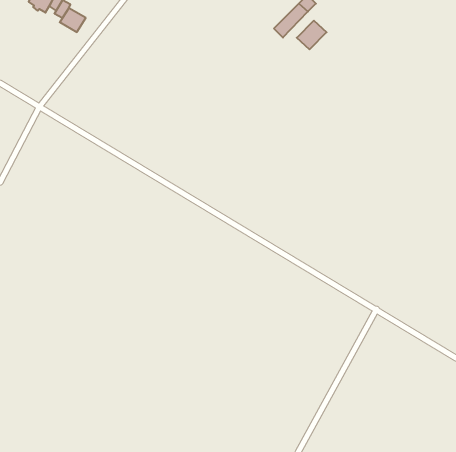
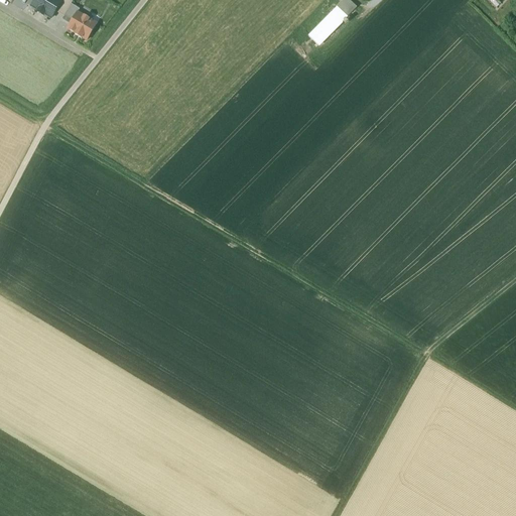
building: [297,21,327,49] -> none

